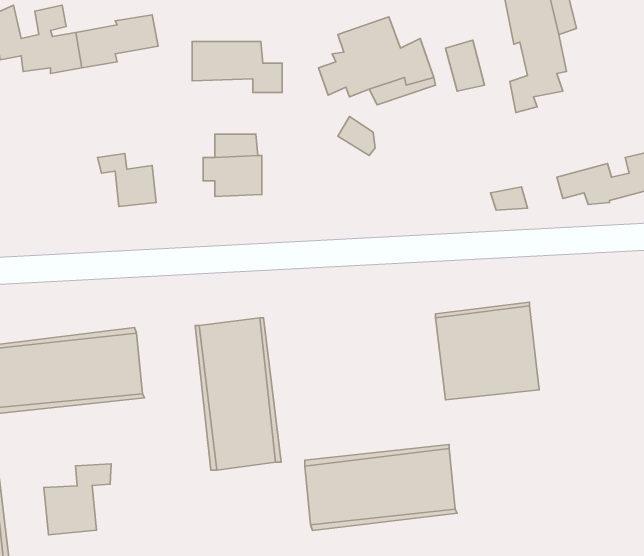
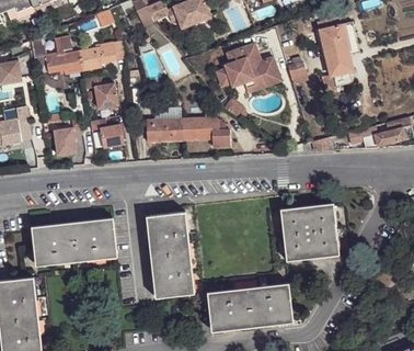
building: [192,42,282,92] -> [182,121,232,149]
building: none -> [83,78,116,111]
building: none -> [54,120,83,156]
building: [44,464,111,535] -> none

